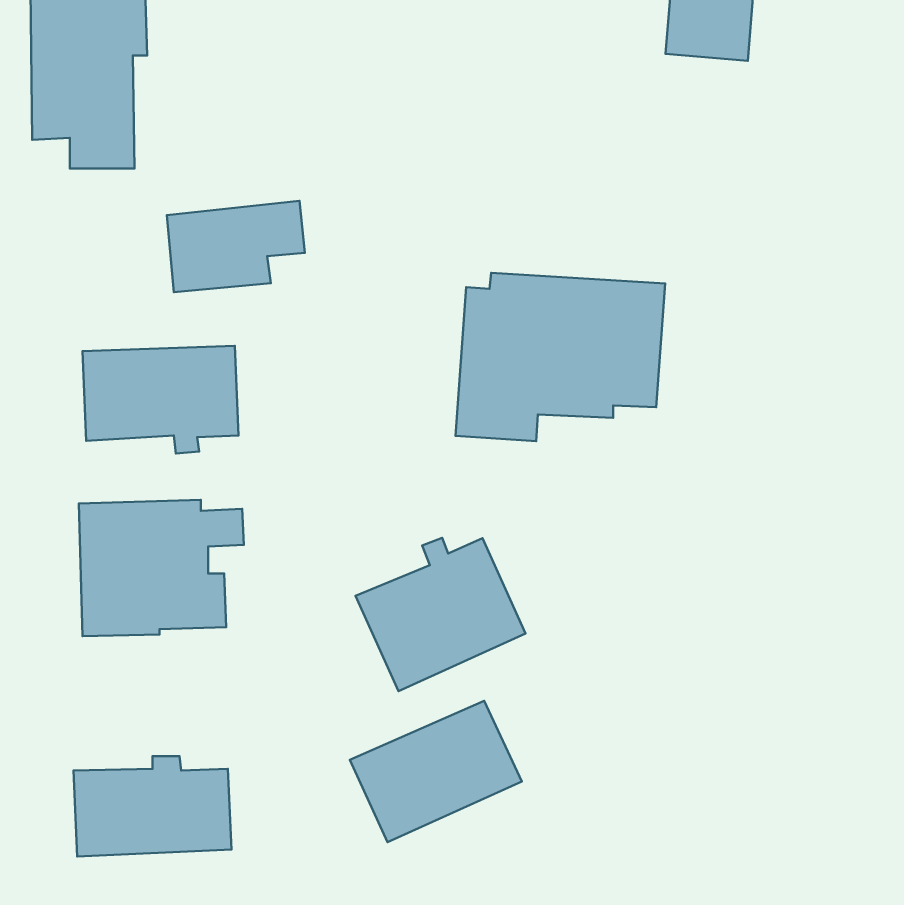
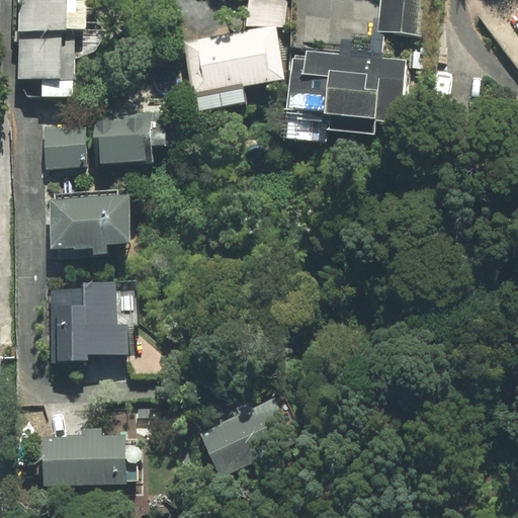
building: none -> [183,19,285,109]
building: none -> [40,124,89,168]
building: [455,273,665,441] -> [285,48,404,143]
building: [356,538,525,691] -> none

